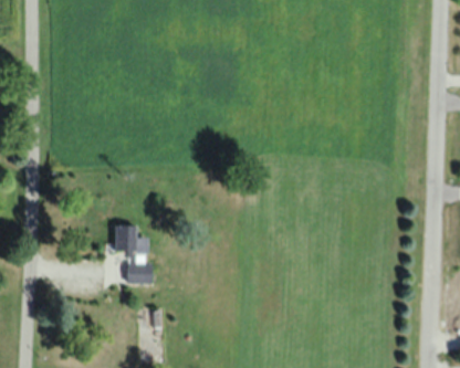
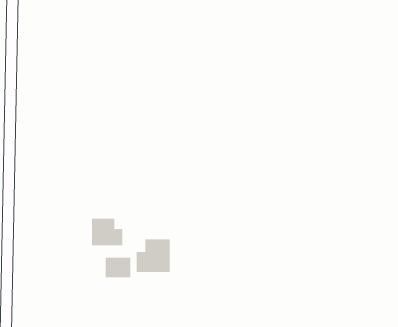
building: none -> [136,238,170,273]

